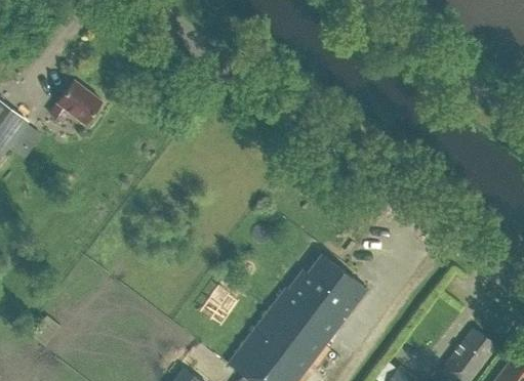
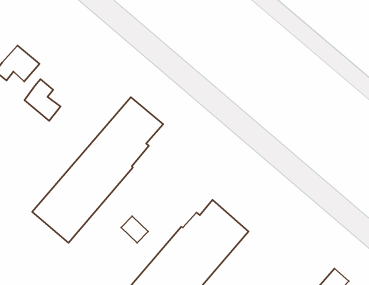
building: none -> [24,79,60,121]
building: none -> [32,97,163,243]

